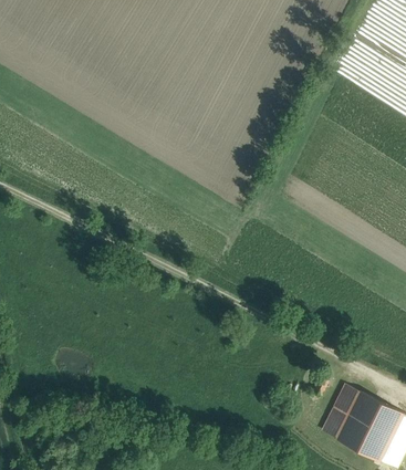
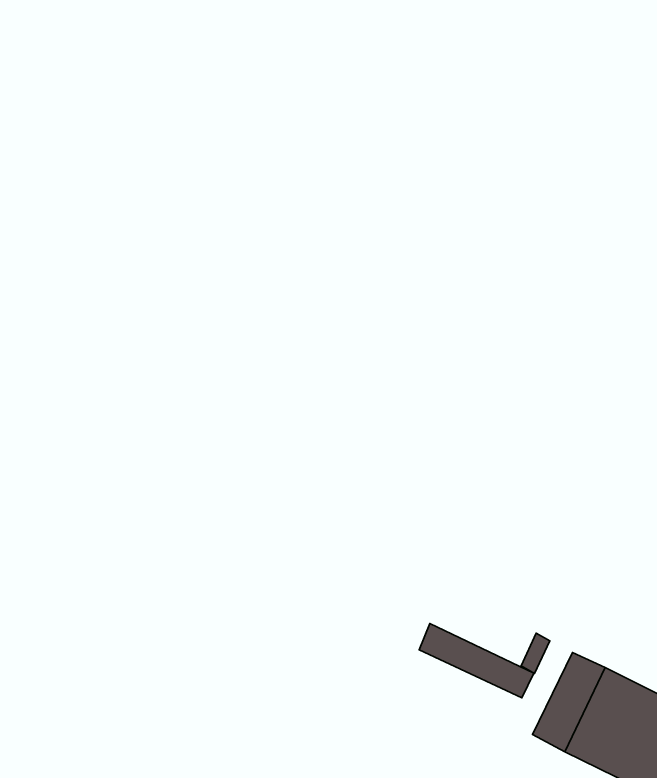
building: none -> [419,623,534,698]

